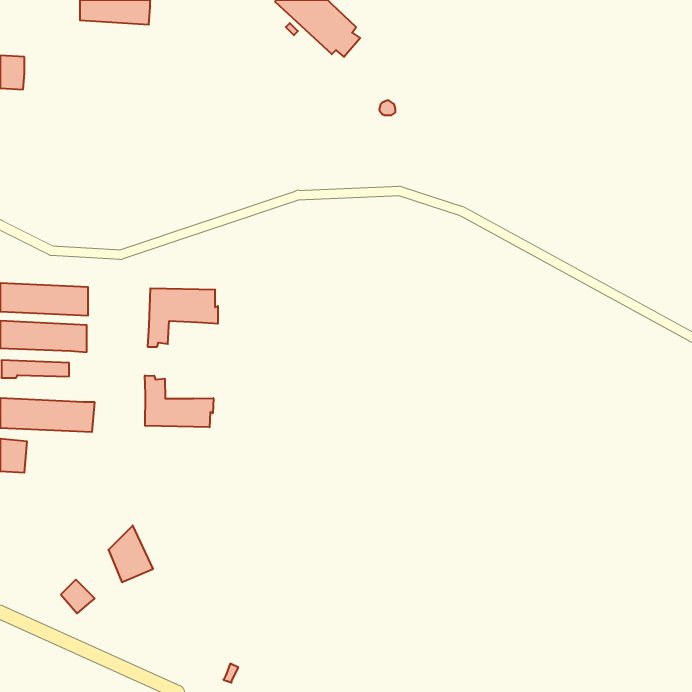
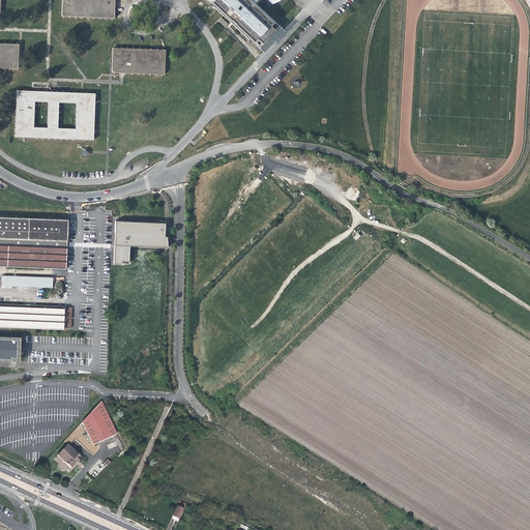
building: none -> [112,48,165,75]
building: none -> [14,90,95,140]
building: [145,375,213,427] -> none

